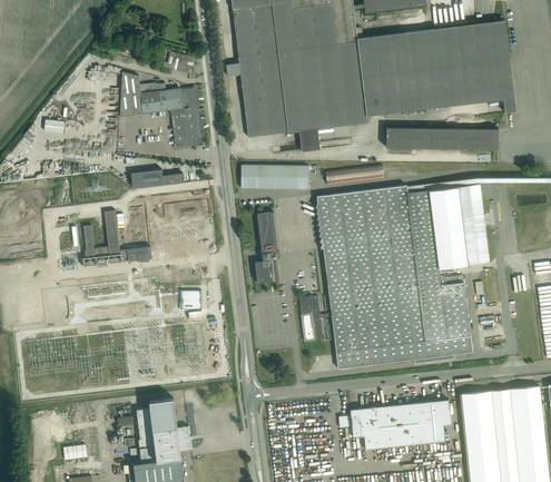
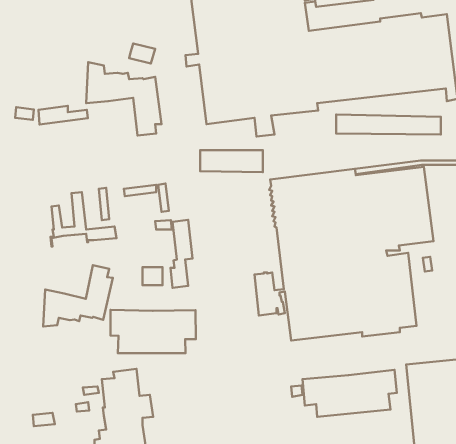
building: [131,169,184,189] -> [39,106,88,125]
building: [255,212,278,284] -> [170,220,192,288]
building: none -> [43,265,113,327]
building: none -> [110,310,196,353]

